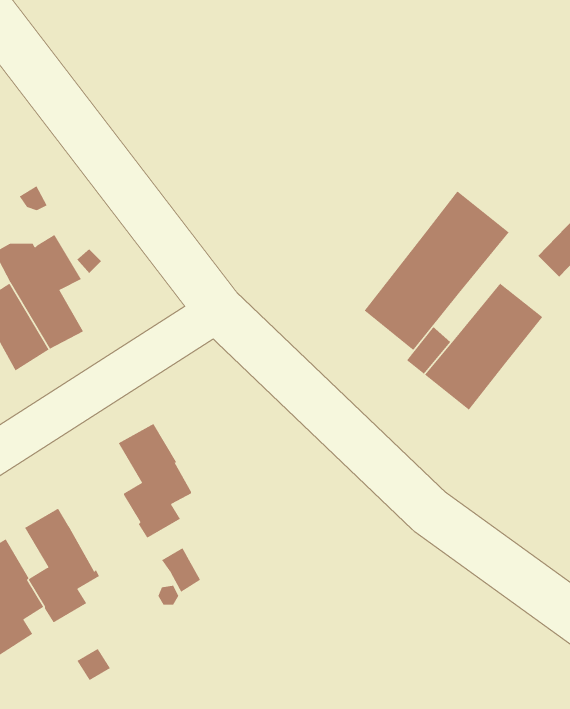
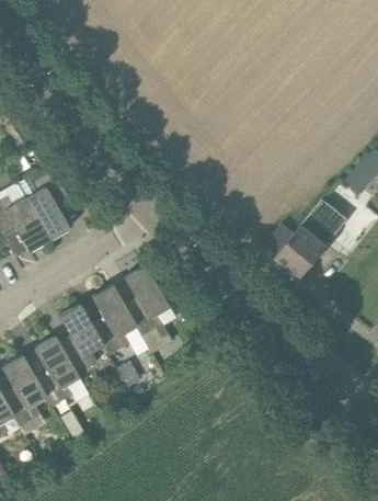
building: [364,190,510,351] -> none
building: none -> [123,264,171,352]
building: none -> [58,303,103,374]

